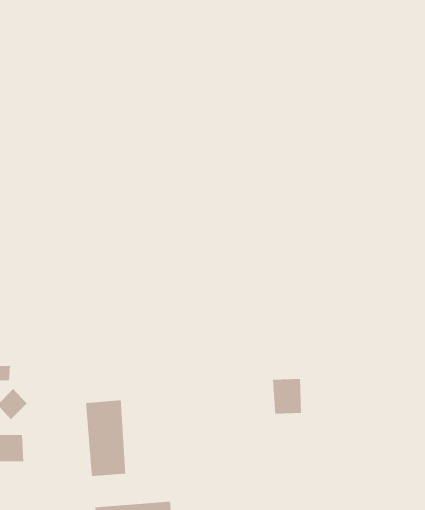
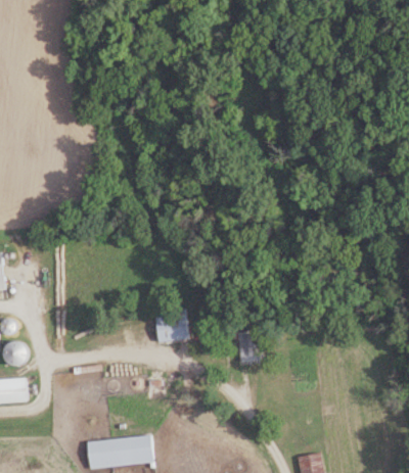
building: none -> [156,315,188,341]
building: [86,400,126,477] -> none

